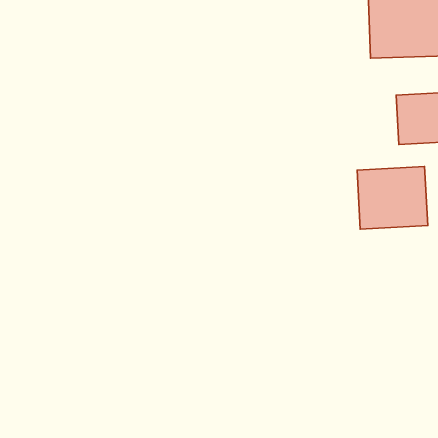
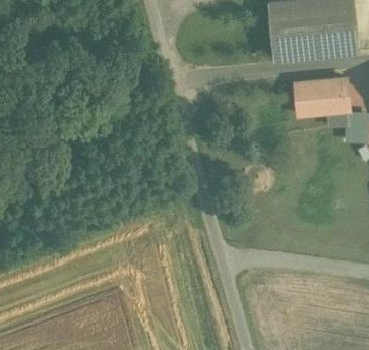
building: [357,167,428,229] -> none

